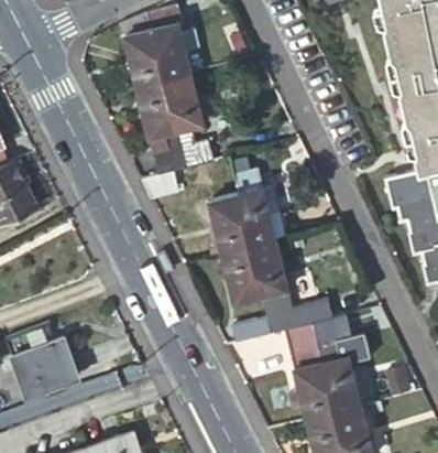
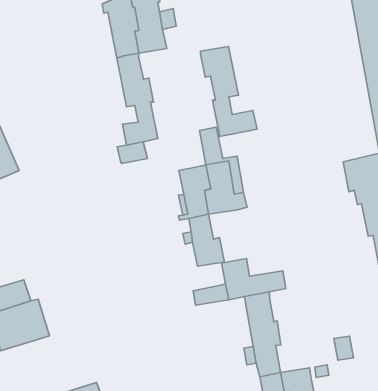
building: [160,68,225,165] -> [200,46,257,137]
building: [243,237,286,294] -> none
building: [313,315,370,409] -> none

